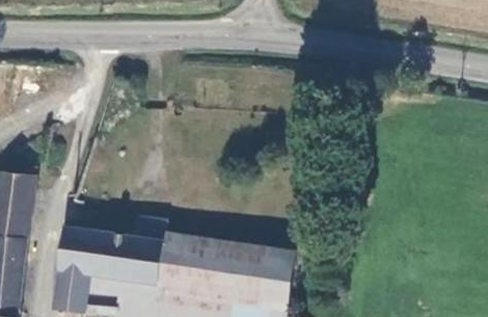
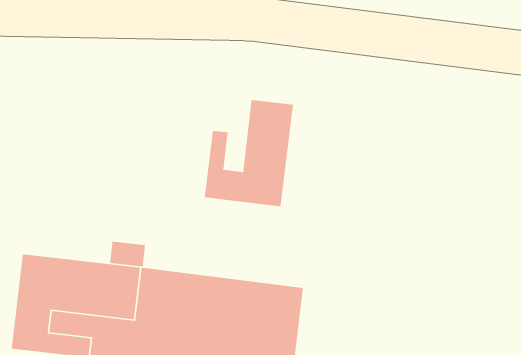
building: none -> [204,99,294,207]

